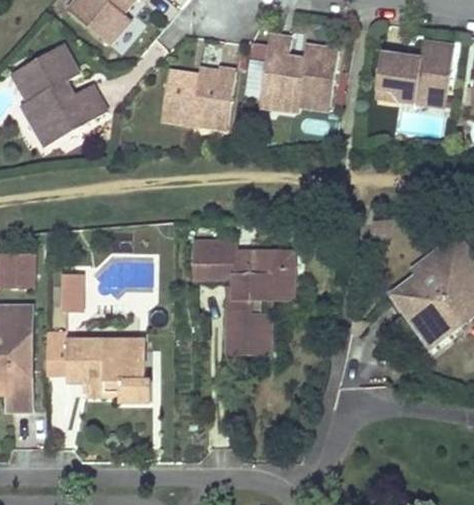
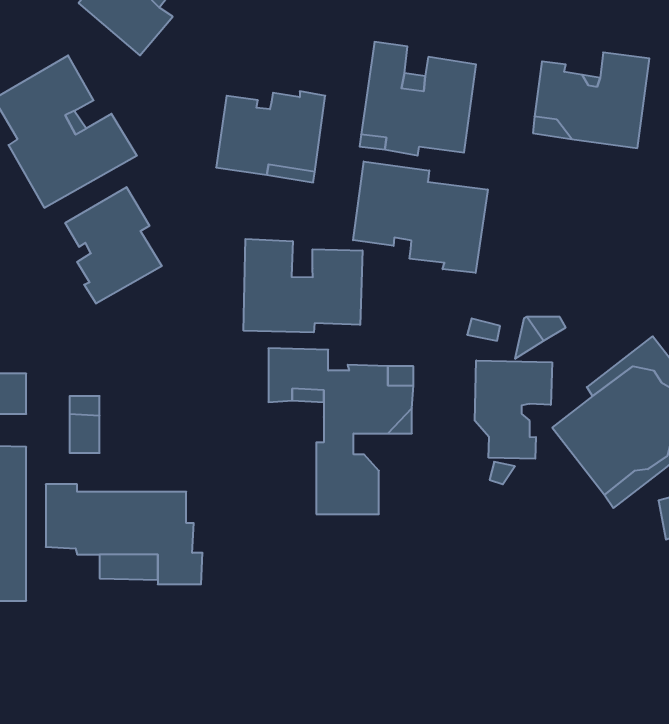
building: none -> [353,161,488,273]
building: none -> [65,187,162,304]
building: none -> [244,239,362,332]
building: none -> [475,360,552,459]

